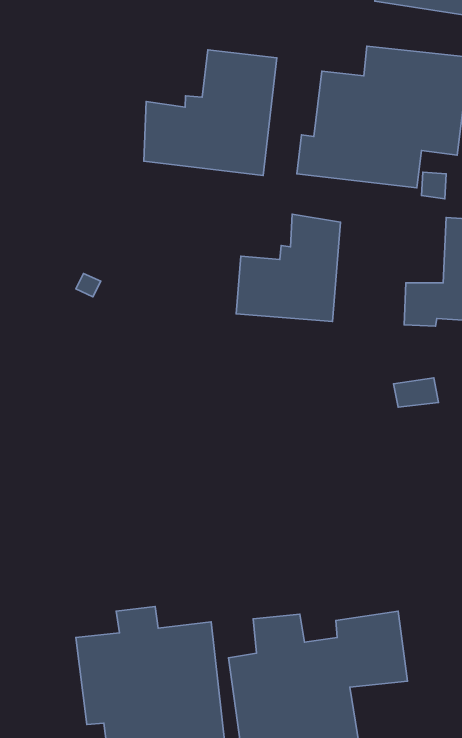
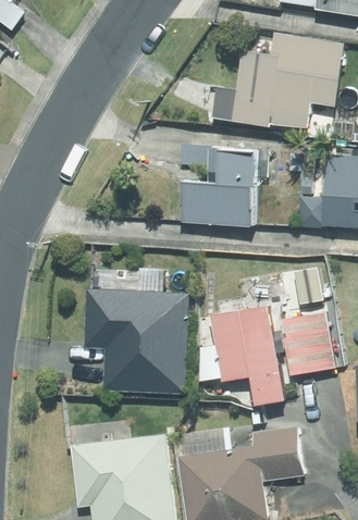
building: [144,50,277,175] -> none
building: none -> [82,273,189,395]
building: none -> [209,304,334,401]

